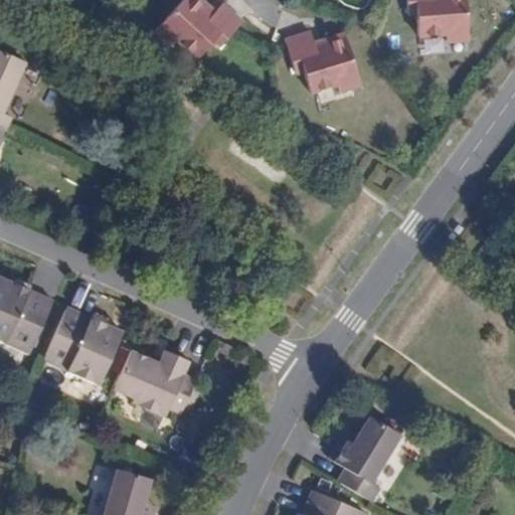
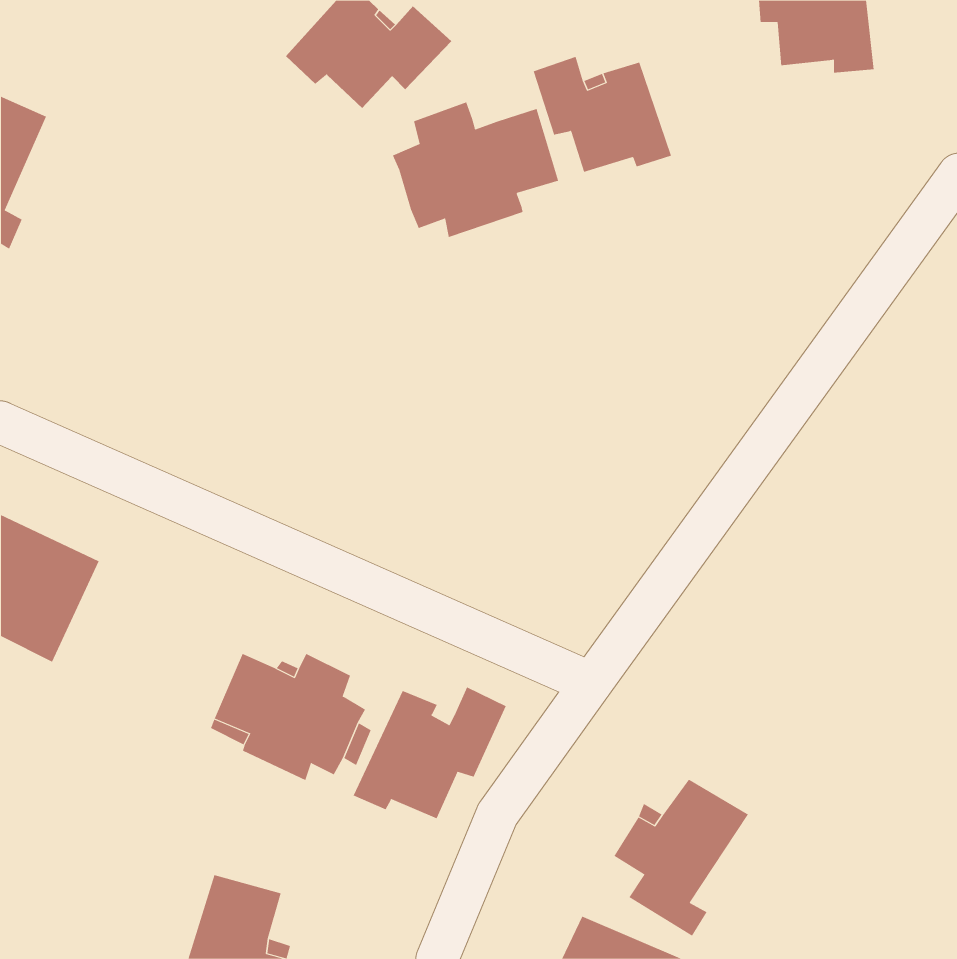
building: none -> [392,102,559,238]
building: [43,306,123,386] -> none
building: none -> [353,687,507,819]

